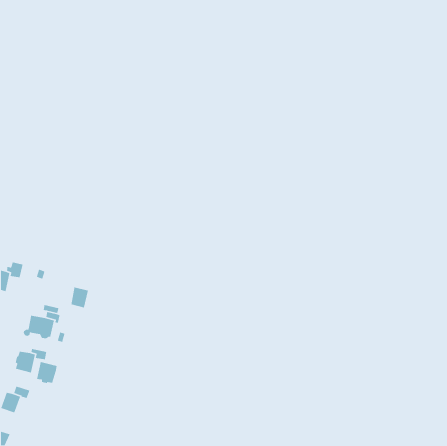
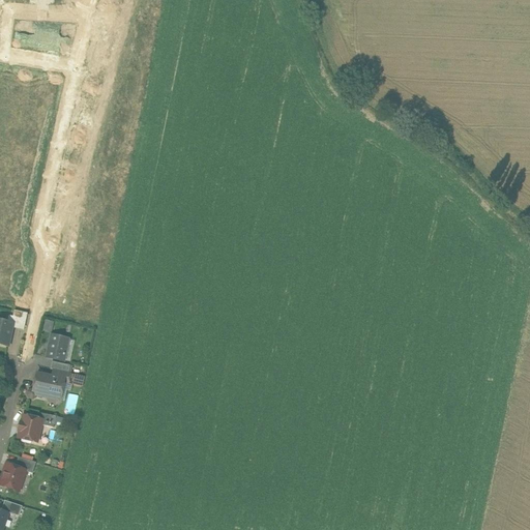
building: [70,287,89,308] -> [47,334,68,360]
building: [36,361,57,384] -> none

